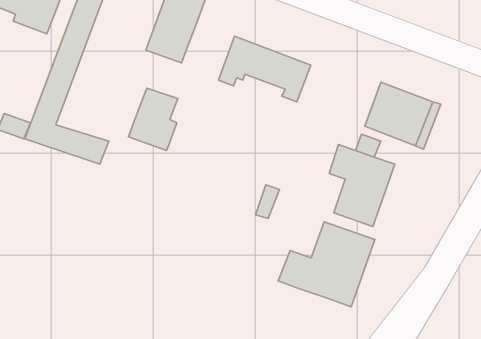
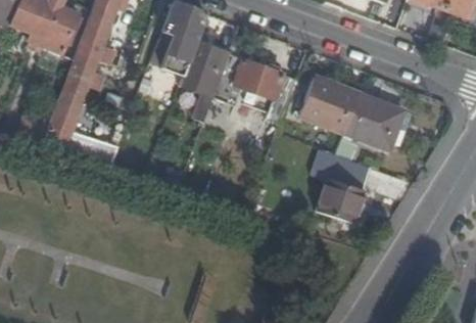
building: none -> [300,78,360,133]
building: [128,88,178,151] -> [180,42,224,97]
building: [278,222,375,307] -> none

